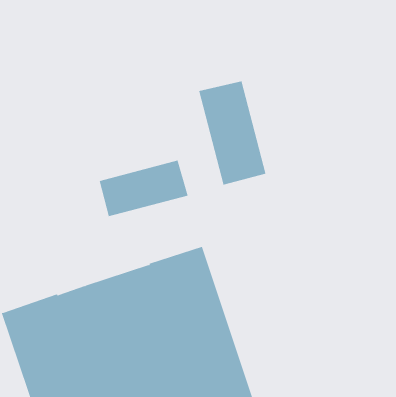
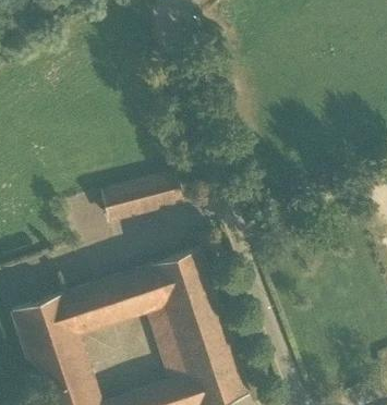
building: [198,80,266,185] -> none

